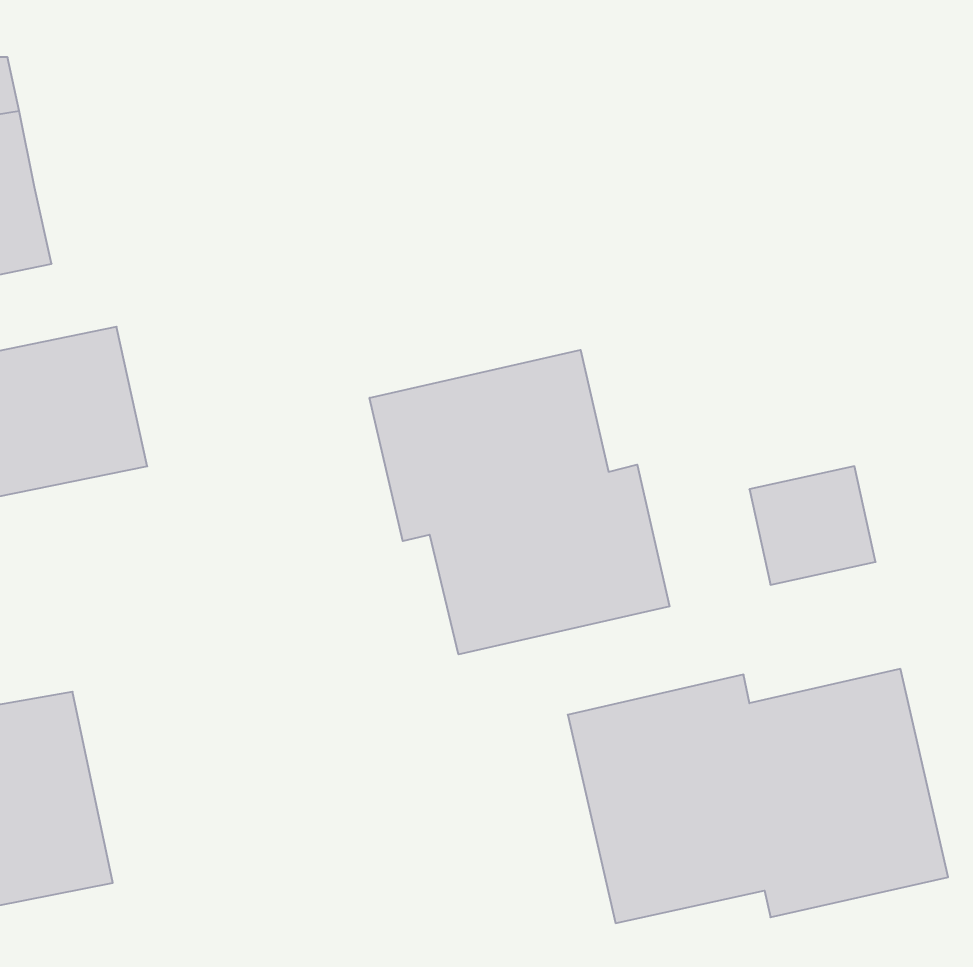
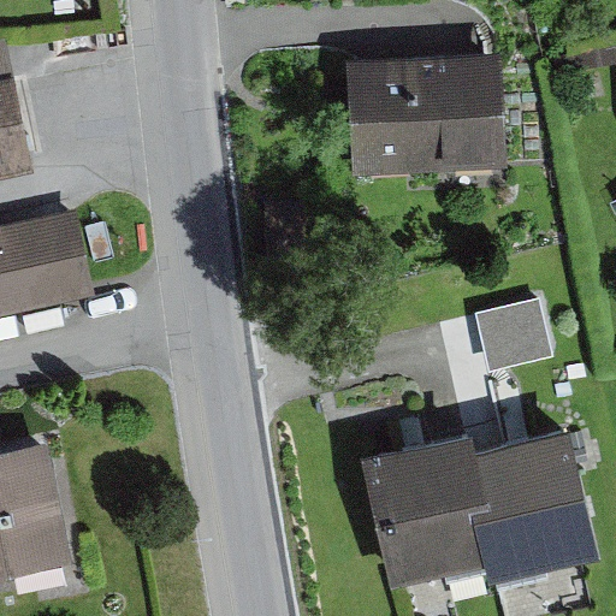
building: none -> [345,54,505,179]
building: [370,350,670,654] -> none

